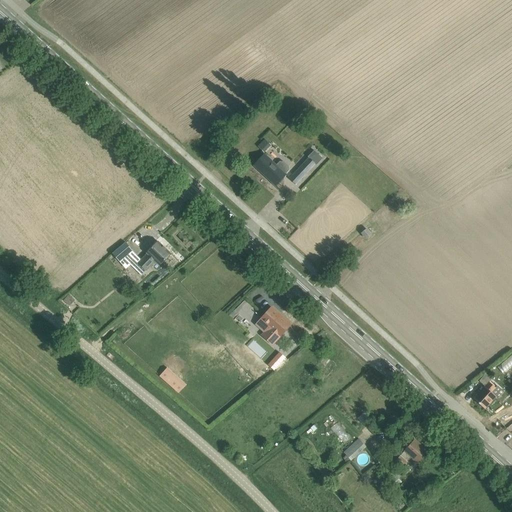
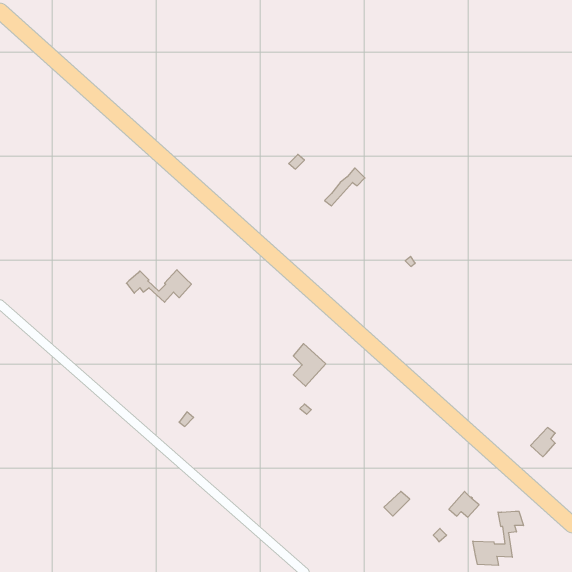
building: [254,154,289,185] -> none
building: none -> [473,511,523,565]

